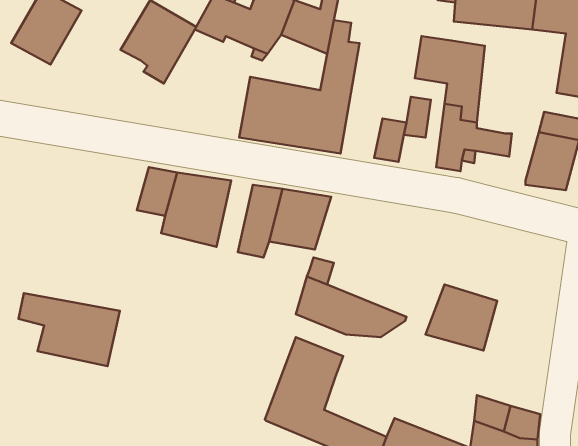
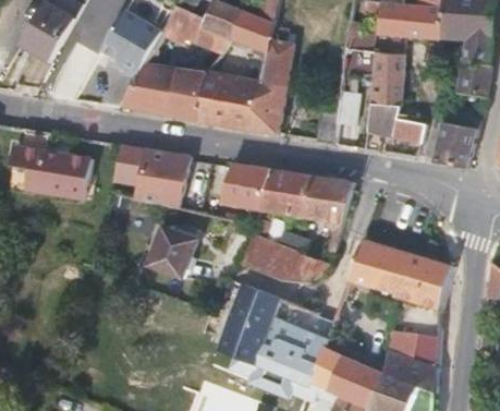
building: none -> [120,64,206,121]
building: none -> [258,169,355,253]
building: none -> [148,227,199,278]
building: [19,293,120,366] -> [14,143,96,202]
building: none -> [393,253,453,311]
building: none -> [266,315,326,363]

